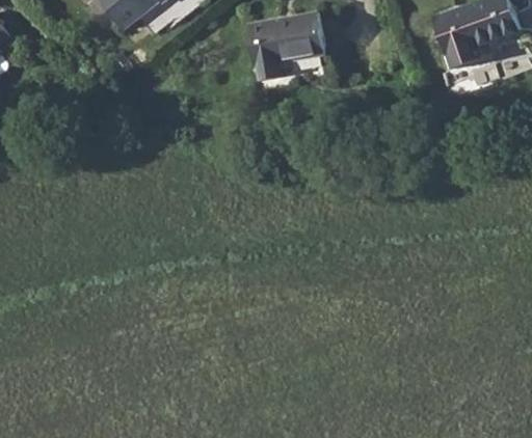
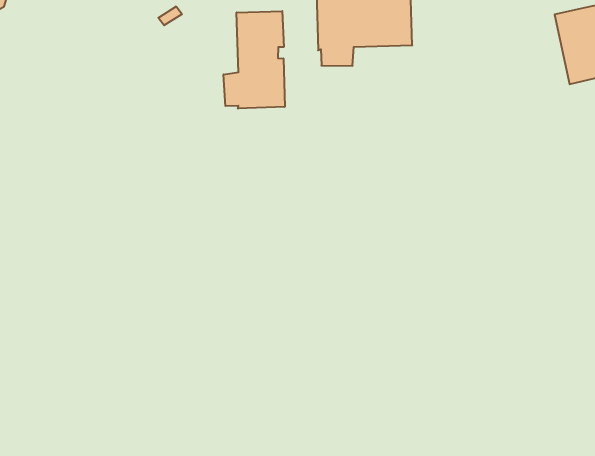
building: none -> [224,11,285,109]

